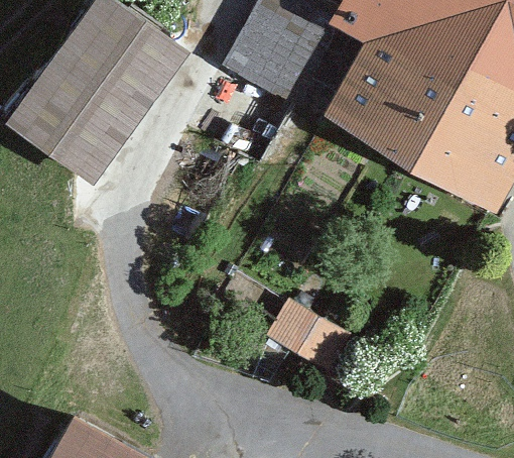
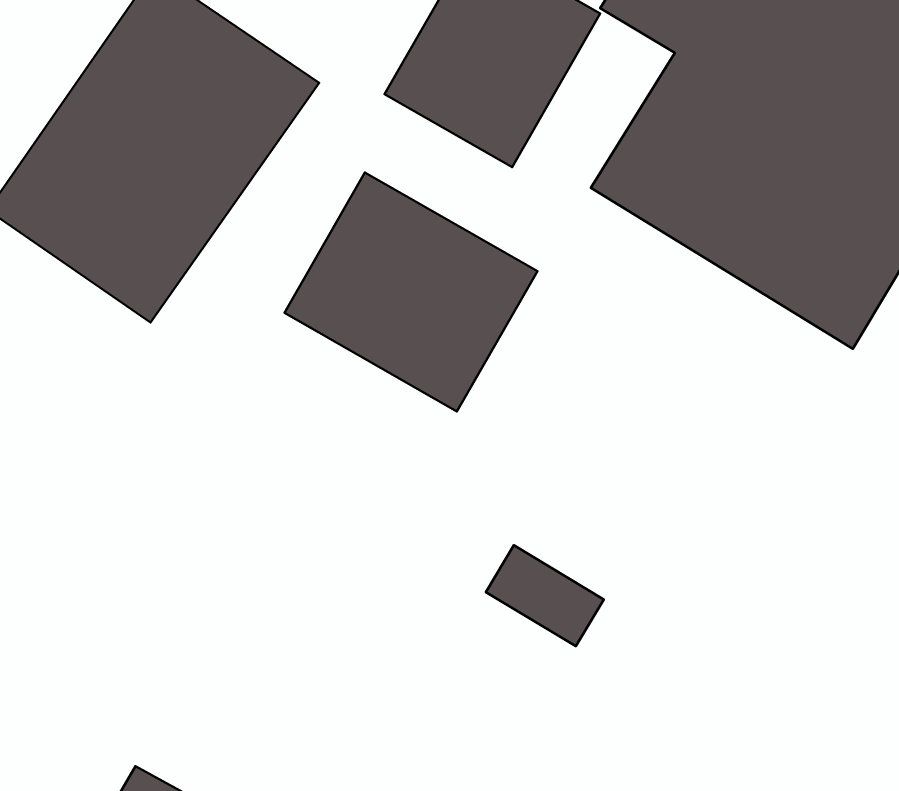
building: none -> [284,172,537,412]

